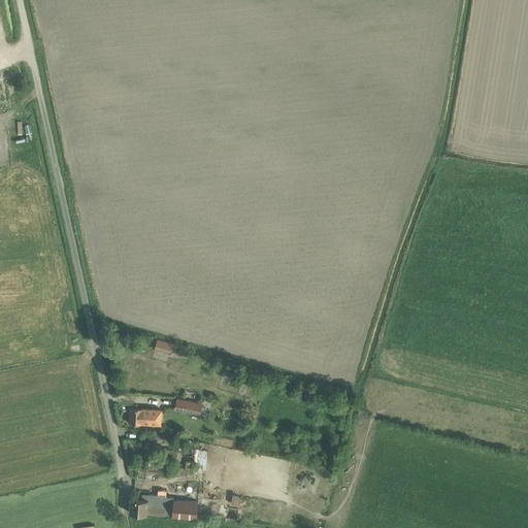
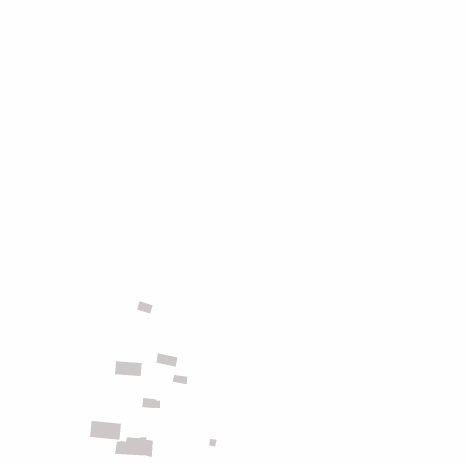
building: none -> [89,420,121,440]
building: [172,500,198,520] -> none

